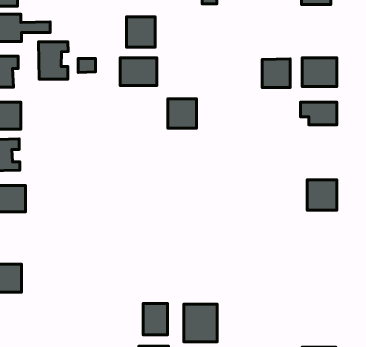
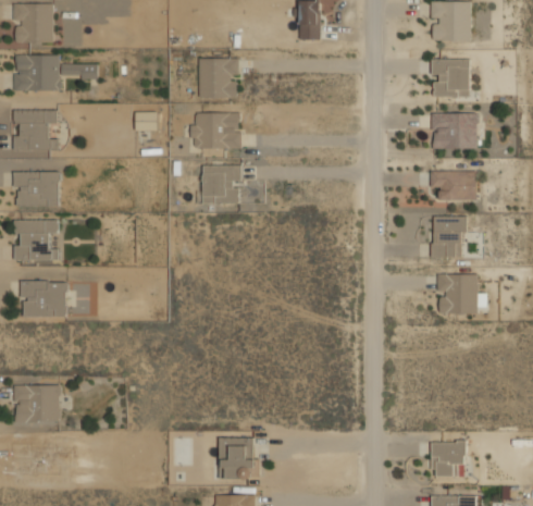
building: [38,42,68,79] -> none
building: [262,59,290,87] -> [432,59,469,97]
building: [168,99,197,128] -> [202,165,240,205]
building: none -> [432,218,462,259]
building: [184,304,217,342] -> none
building: none -> [431,442,466,478]

